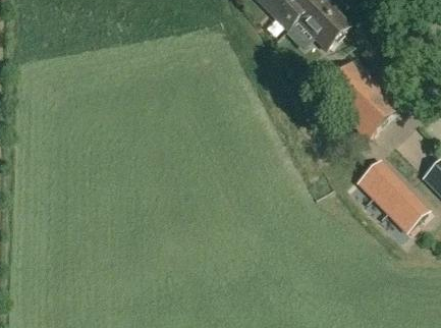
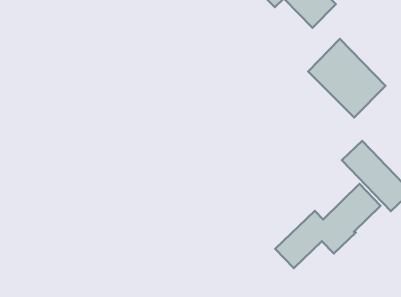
building: none -> [275,184,381,268]

